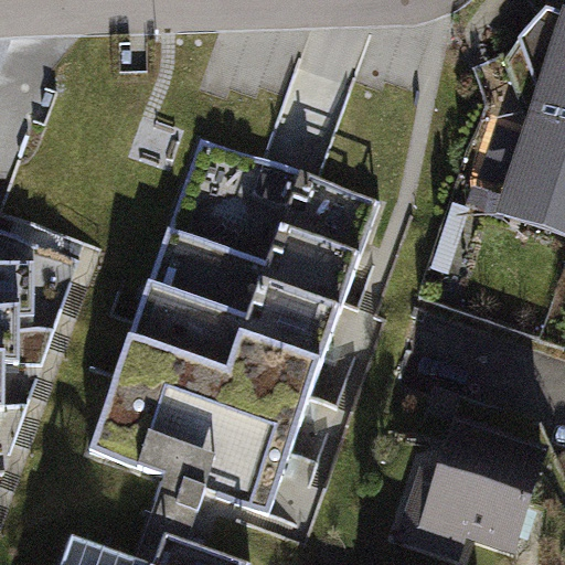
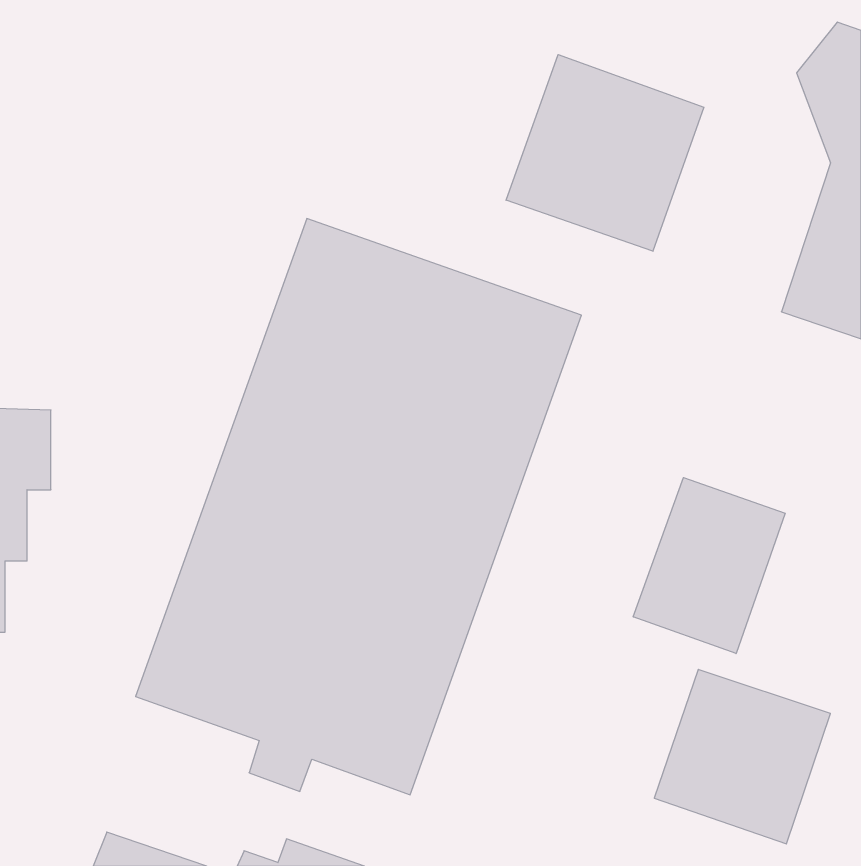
building: none -> [506,55,704,251]
building: none -> [633,478,785,654]

